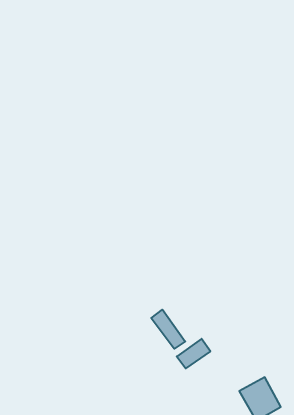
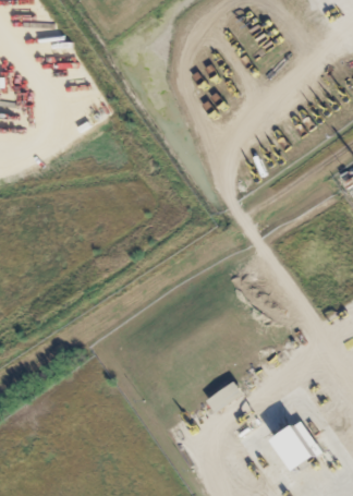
building: [151,310,185,349] -> none

